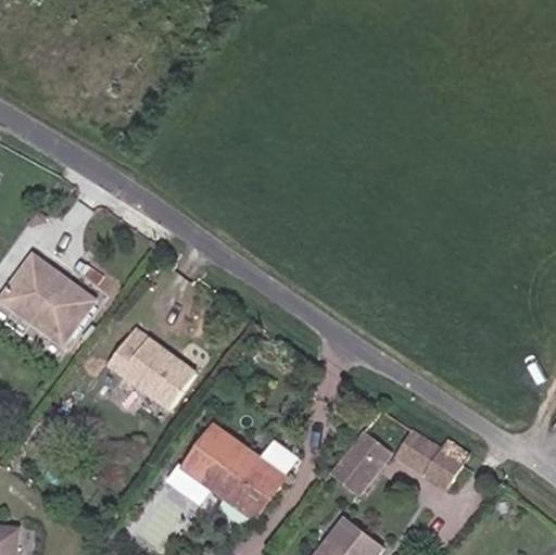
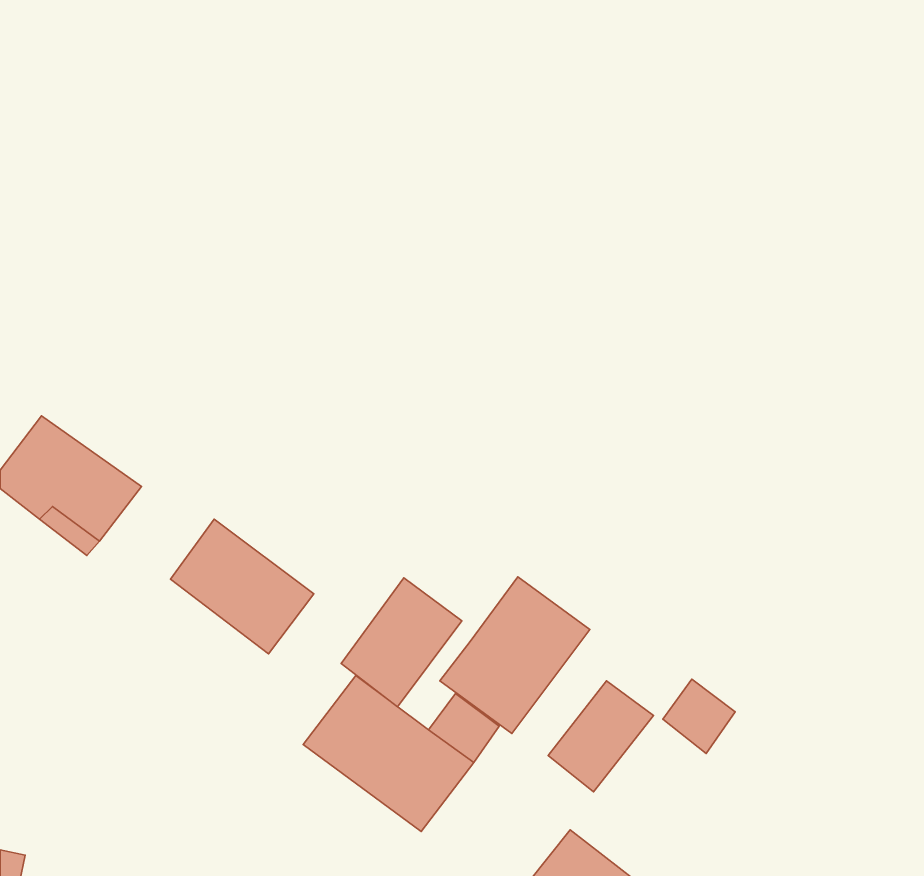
building: none -> [440,577,590,733]
building: none -> [341,578,462,707]
building: [425,443,467,488] -> none

